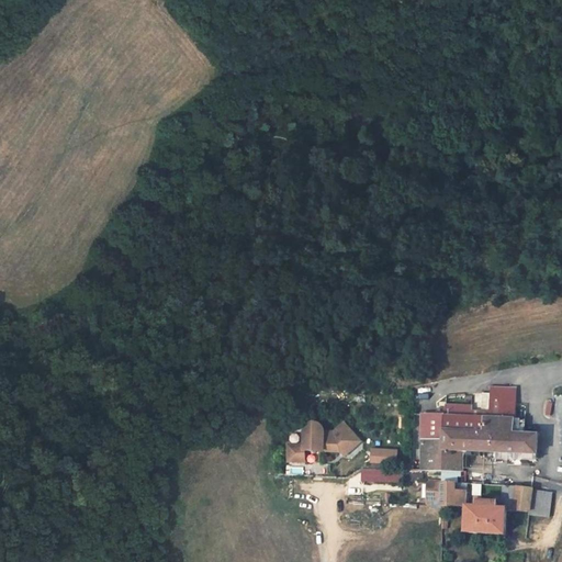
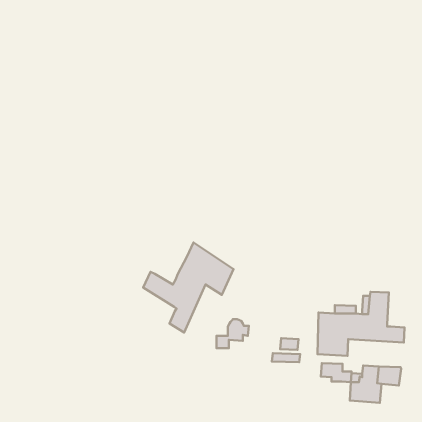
building: none -> [143,242,234,333]
building: [322,424,360,456] -> none
building: [527,488,550,516] -> none

